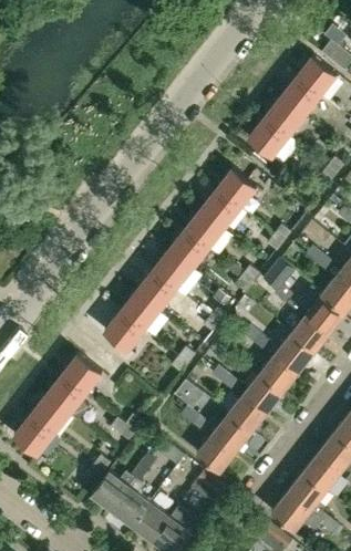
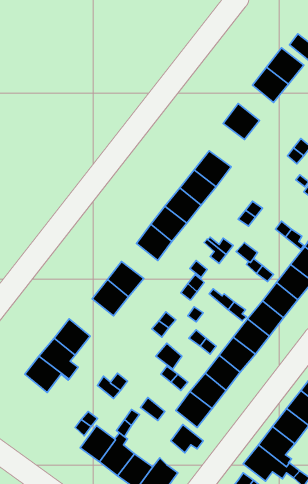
building: [265,97,303,136] -> none
building: [136,271,176,310] -> none
building: [13,415,54,456] -> none

